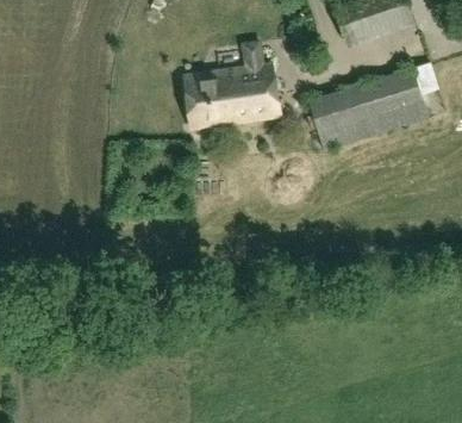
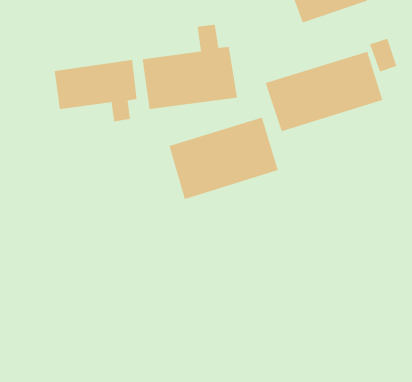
building: none -> [54,59,137,122]
building: none -> [169,117,279,200]

